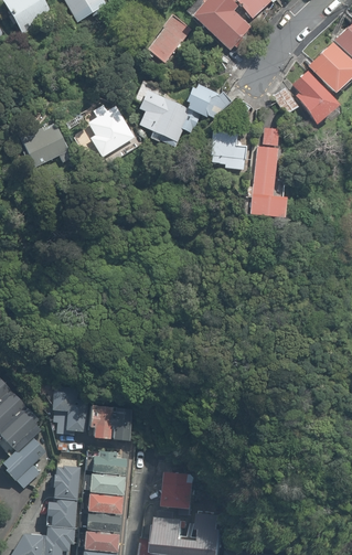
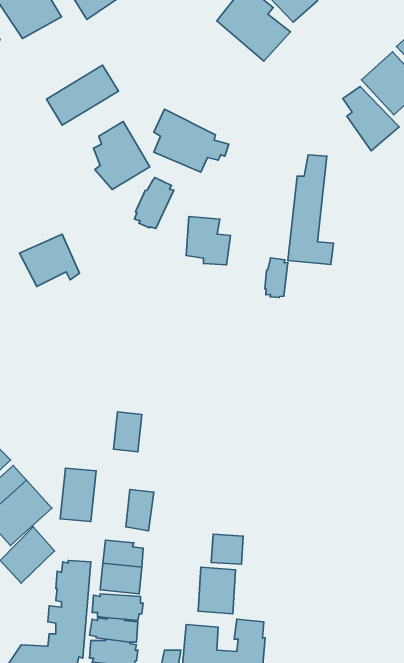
building: [143,14,189,63] -> none
building: none -> [46,65,118,125]
building: [180,85,228,122] -> none
building: [17,128,66,171] -> [19,234,80,287]
building: [204,131,241,171] -> [186,217,230,265]
building: none -> [135,177,174,228]
building: none -> [265,258,288,298]
building: [90,403,114,436] -> [114,412,142,452]
building: none -> [211,534,243,564]

